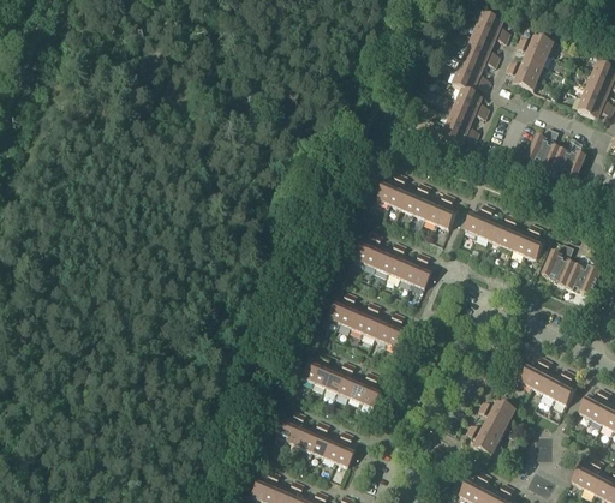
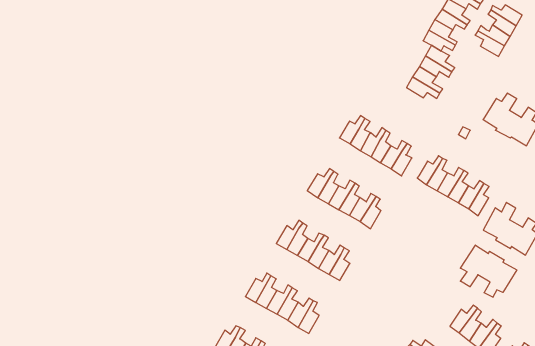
building: none -> [460,245,517,297]

